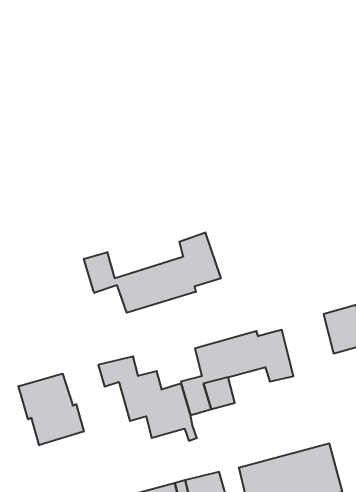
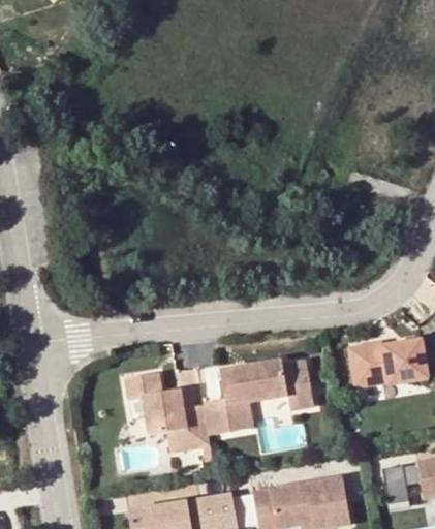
building: [84,232,221,313] -> none
building: [18,374,84,445] -> none

